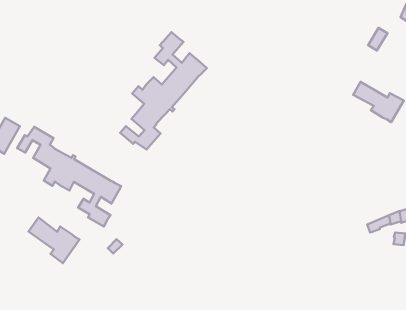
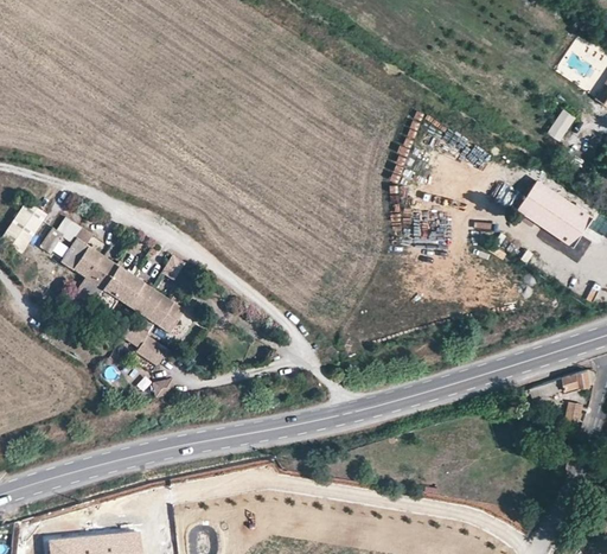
building: [120,32,207,150] -> none
building: [28,218,80,263] -> none

